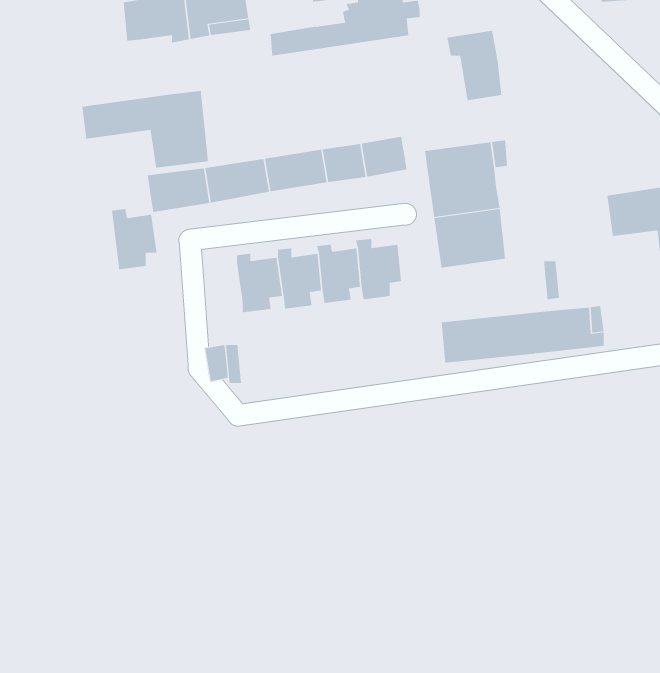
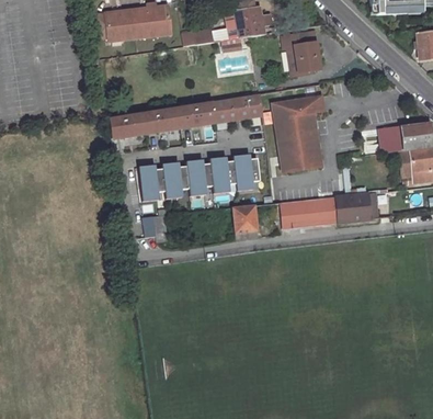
building: [82,90,208,169] -> none
building: [111,209,158,270] -> [137,166,164,202]
building: none -> [233,206,260,241]

